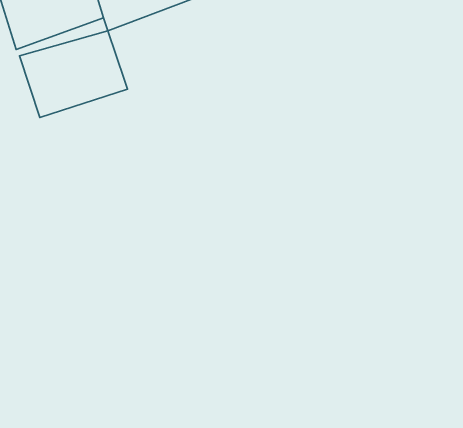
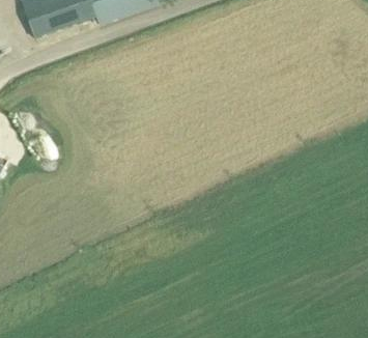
building: [20,31,127,117] -> none

